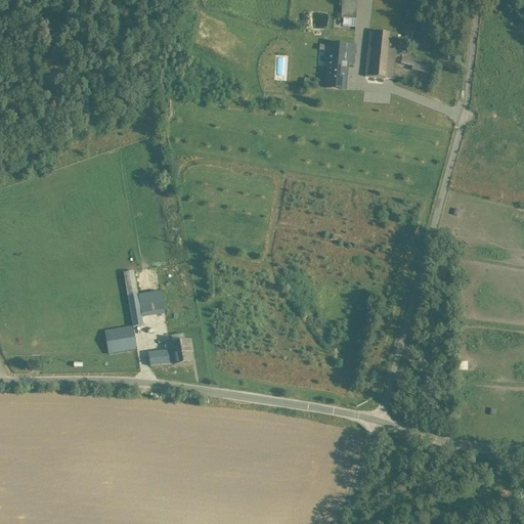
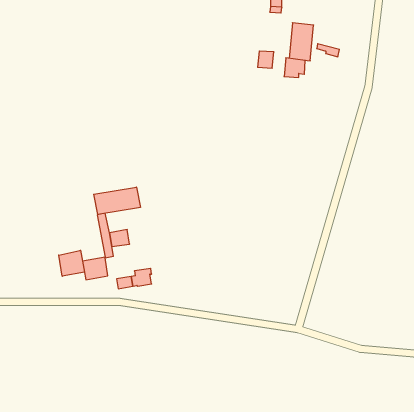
building: [328,41,354,66] -> [284,58,305,77]
building: none -> [94,187,140,215]
building: none -> [59,250,85,276]

